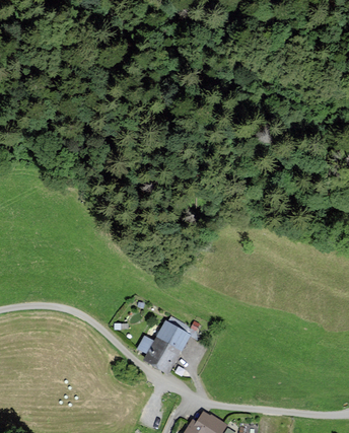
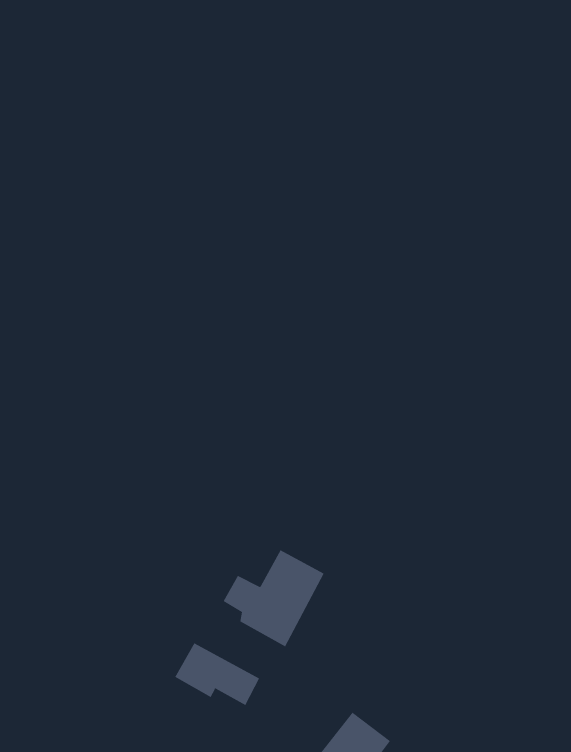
building: none -> [174,643,260,706]

